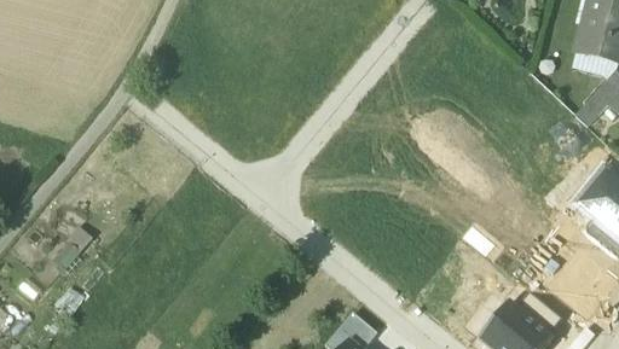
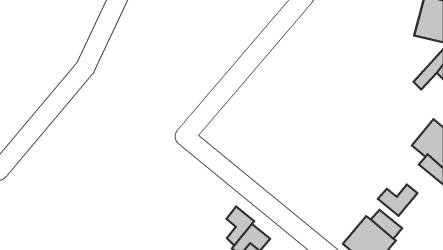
building: none -> [378,185,418,216]
building: none -> [226,206,254,245]

